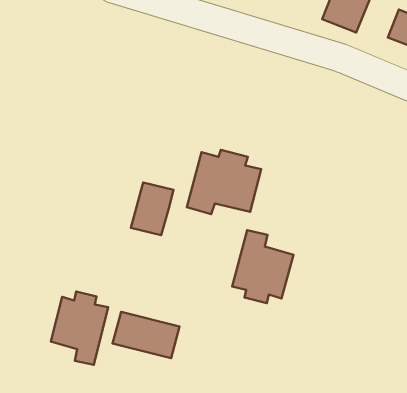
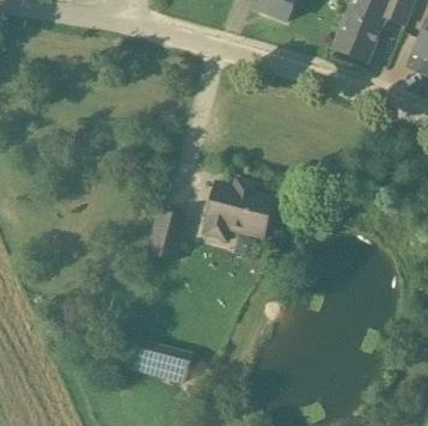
building: [232,230,294,303] -> none
building: [51,292,108,365] -> none

